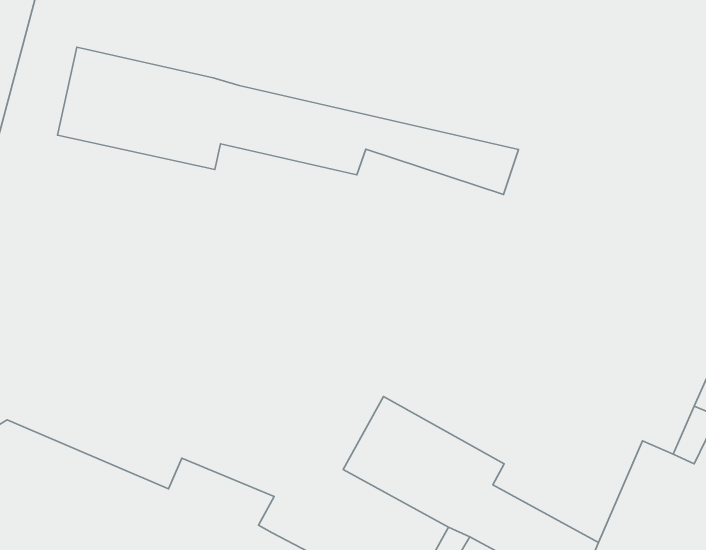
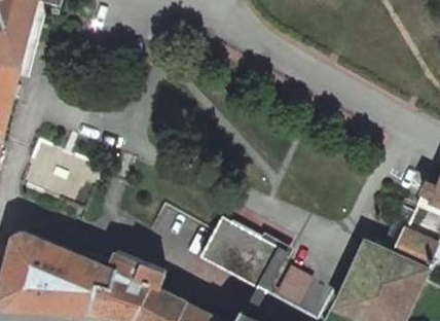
building: [58,47,518,195] -> none

